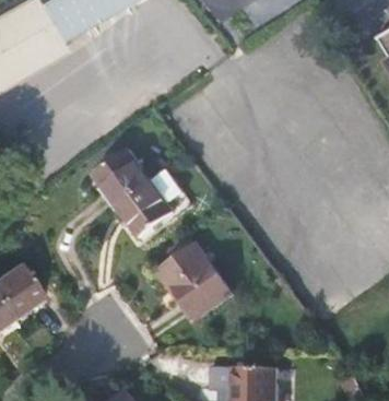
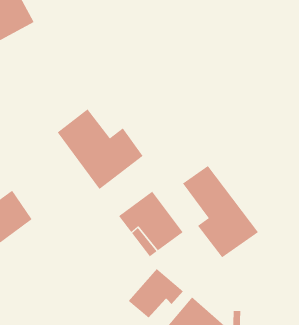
building: none -> [182,165,259,258]
building: none -> [128,268,184,319]

